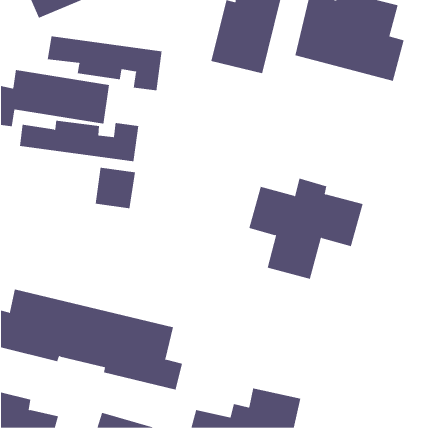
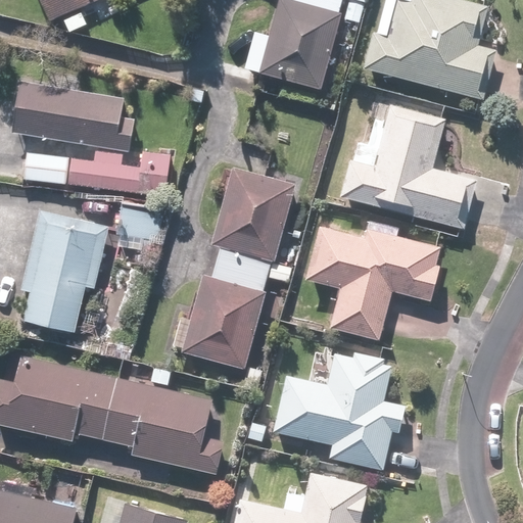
building: [47,35,162,91] -> none
building: none -> [339,107,473,229]
building: none -> [171,169,295,372]
building: none -> [18,211,108,333]
building: none -> [275,354,406,470]

